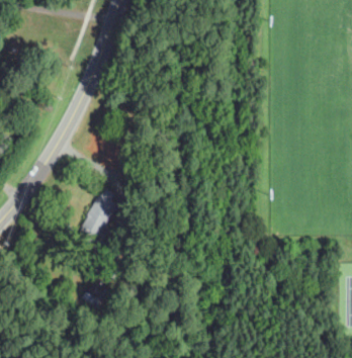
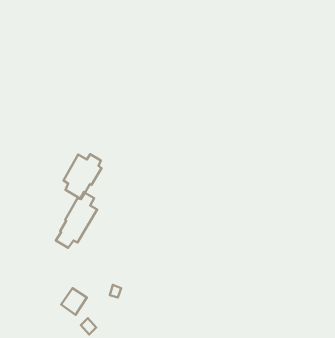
building: none -> [63,154,101,198]

